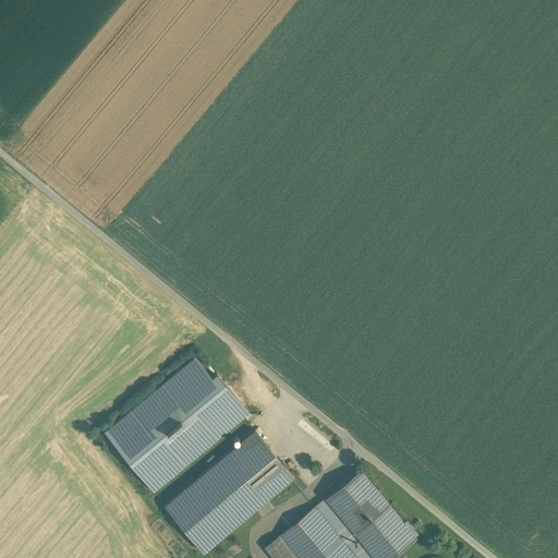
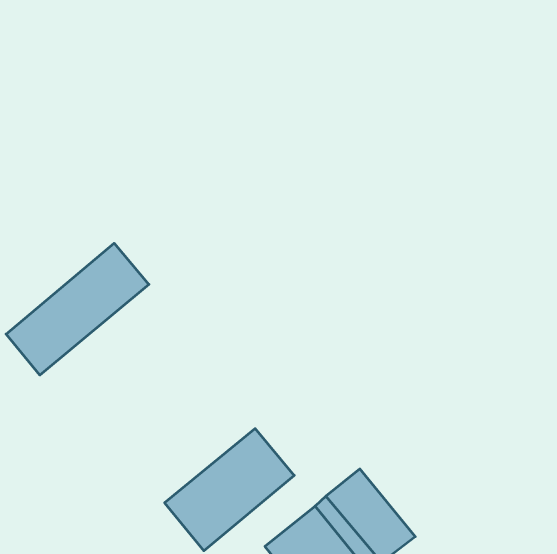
building: none -> [6,243,149,375]
building: [105,359,248,493] -> none

